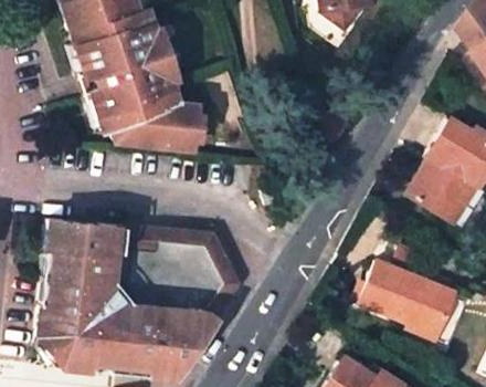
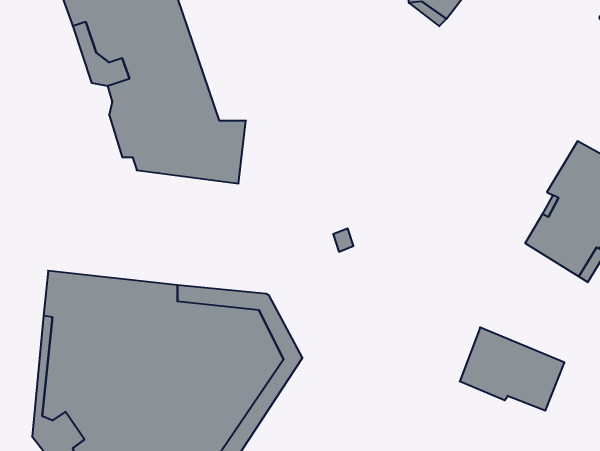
building: [393,287,454,339] -> none

